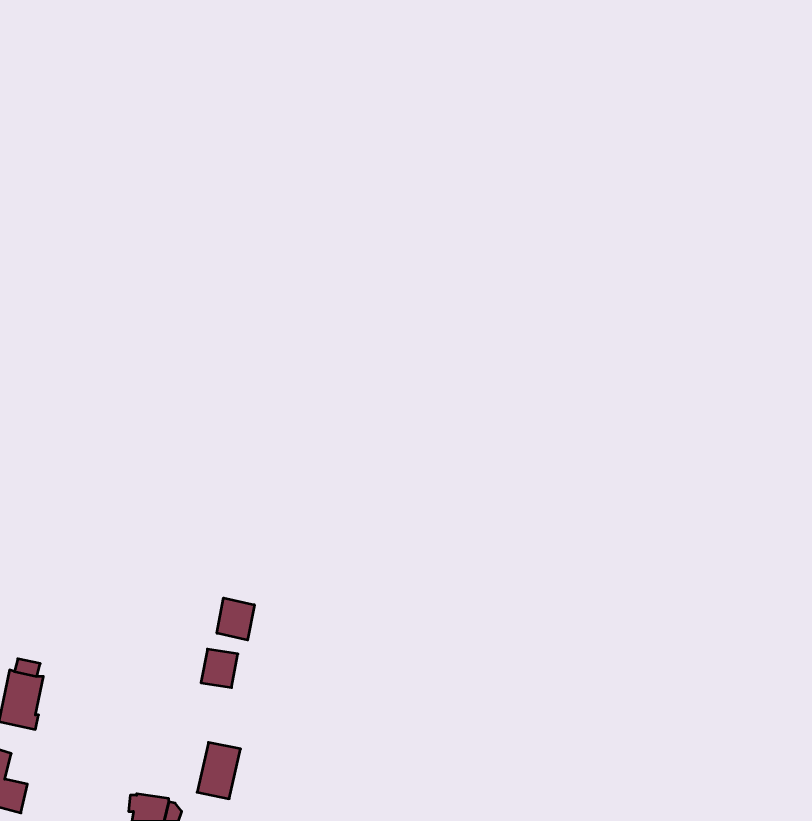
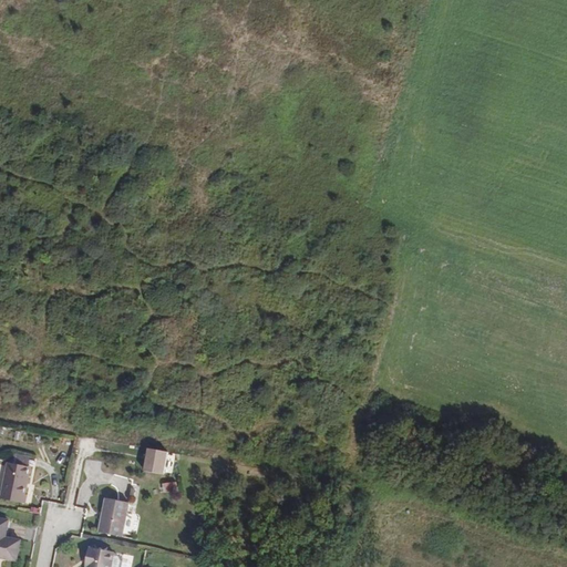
building: [217,598,254,640] -> none
building: [197,742,241,799] -> [97,497,127,536]

